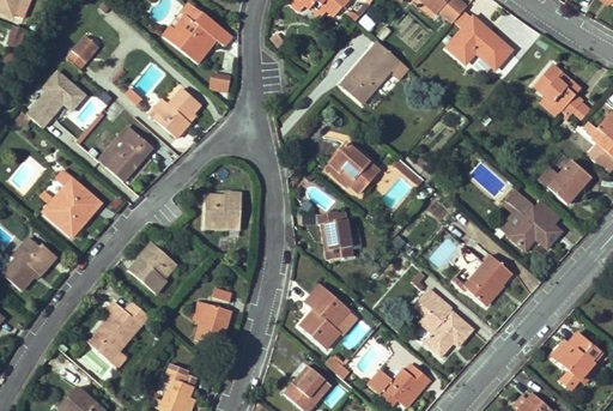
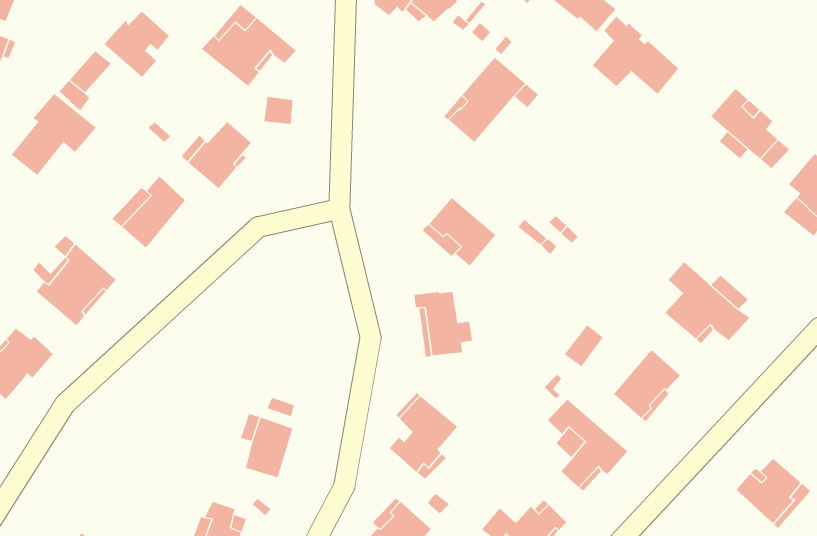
building: none -> [104,11,169,78]
building: [547,161,589,204] -> none
building: [204,192,241,229] -> none
building: [128,242,175,294] -> none
building: [86,302,140,361] -> none

